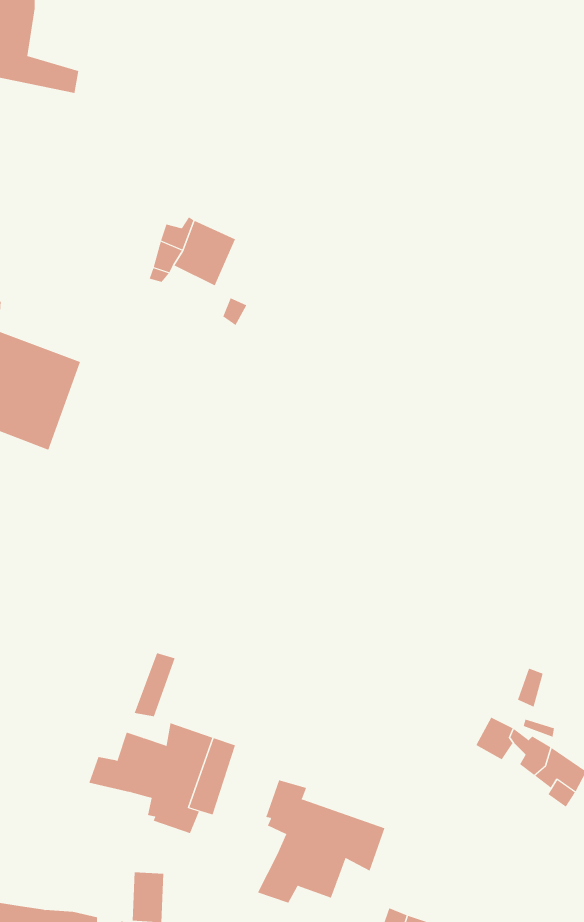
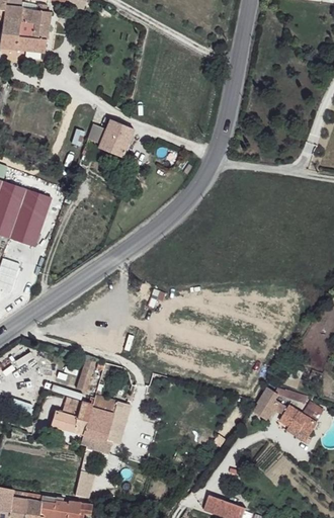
building: none -> [18,9,50,42]
building: [257,779,385,903] -> none

